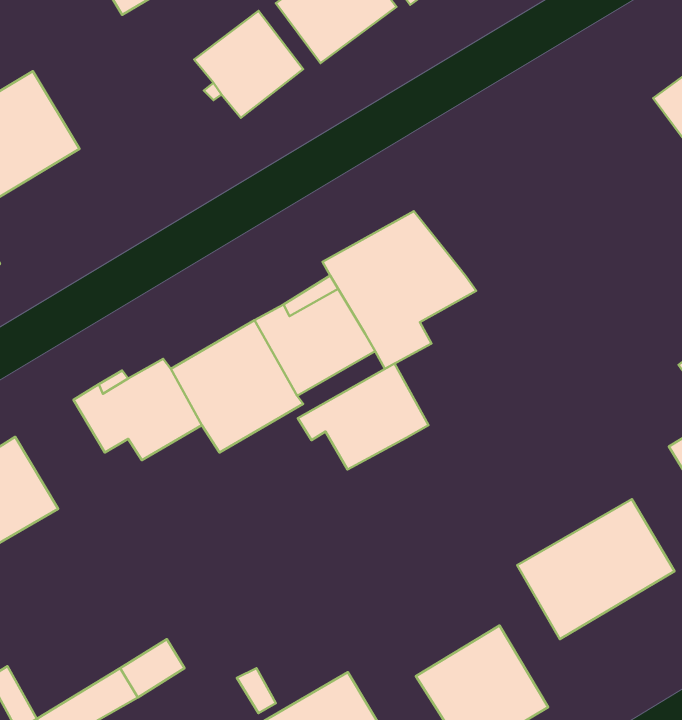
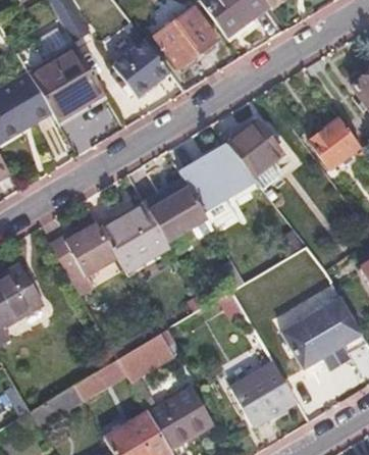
building: none -> [15,45,107,127]
building: none -> [308,117,360,169]
building: none -> [225,121,281,176]
building: [298,363,429,470] -> none
building: none -> [115,334,172,381]

